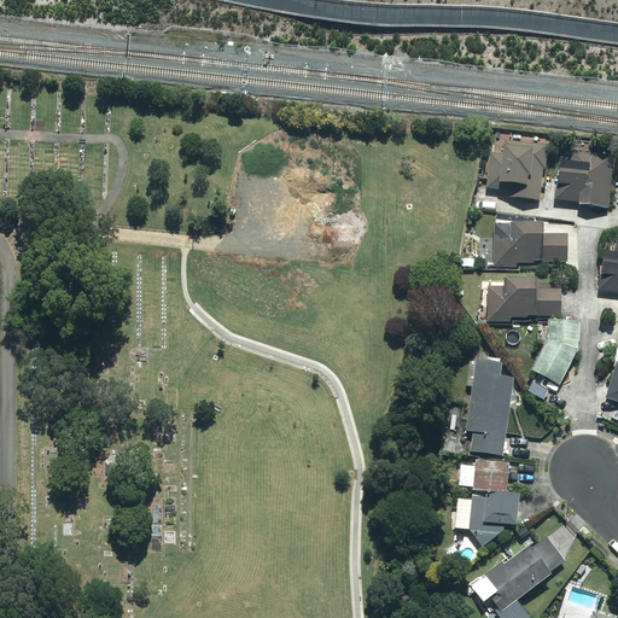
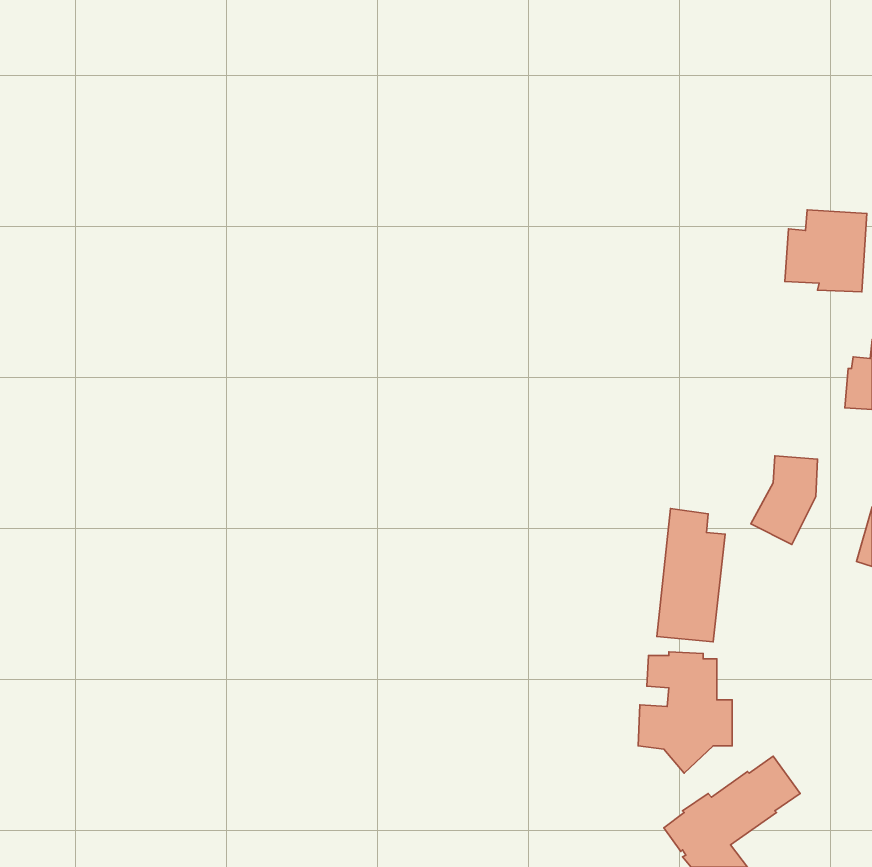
building: [489,141,547,199] -> none
building: [494,223,569,266] -> none
building: [485,279,561,321] -> none

